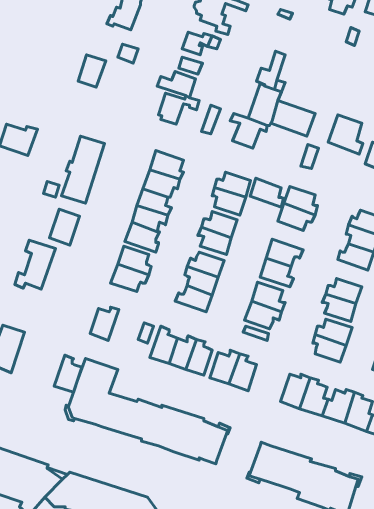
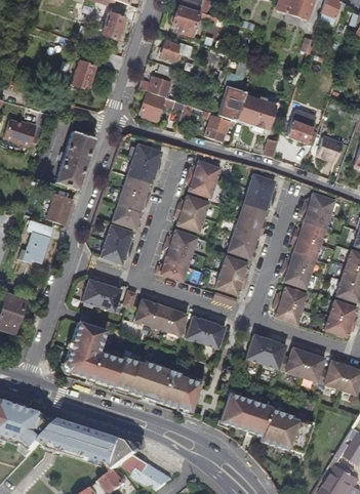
building: [250,178,284,207] -> [238,203,267,228]
building: none -> [291,236,320,259]
building: [54,355,82,392] -> [97,279,121,311]

